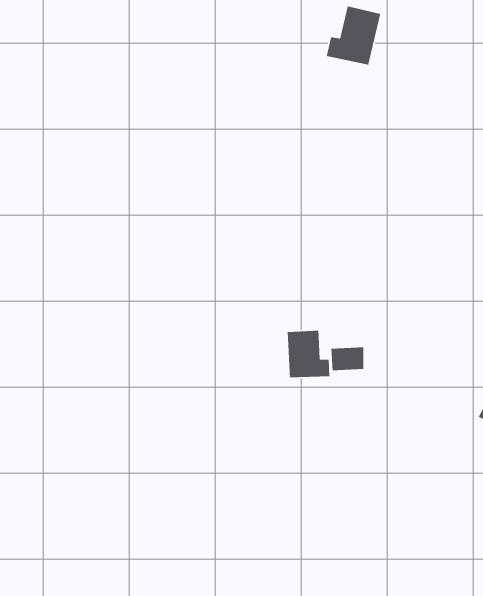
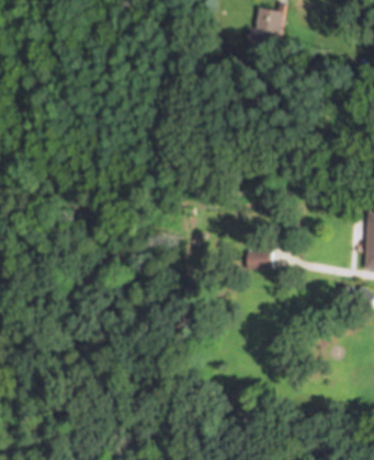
building: [287,330,330,378] -> none

